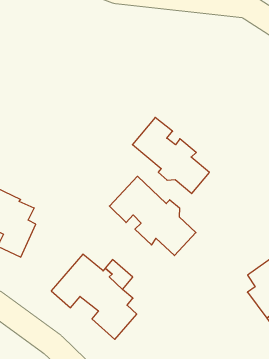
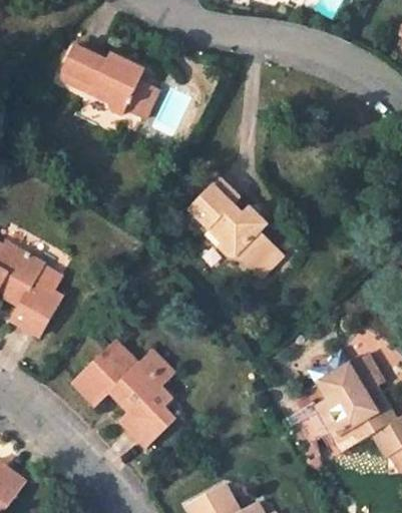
building: none -> [61,45,155,116]
building: [109,176,196,256] -> none

